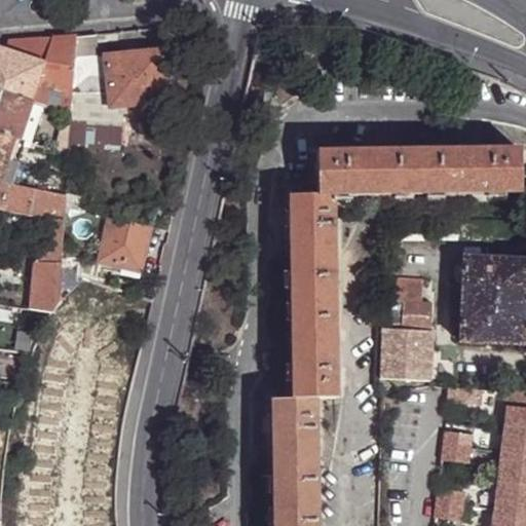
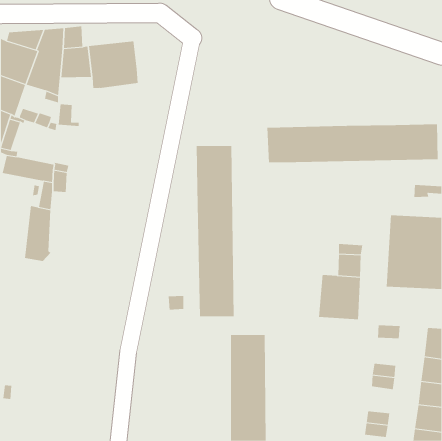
building: [290,193,336,397] -> [196,145,235,317]
building: [98,216,150,269] -> none

